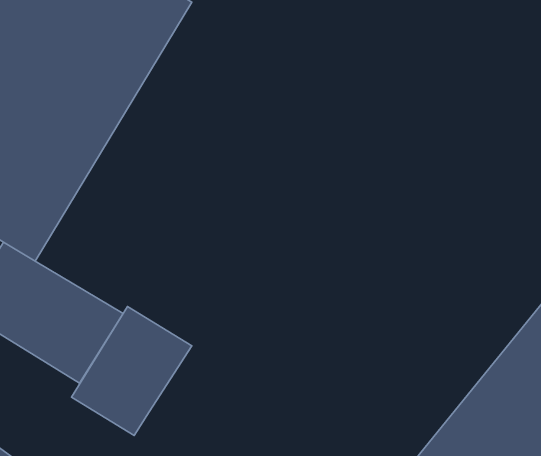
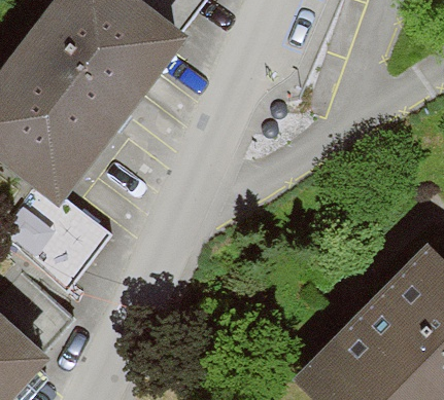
building: [71,306,192,436] -> none

